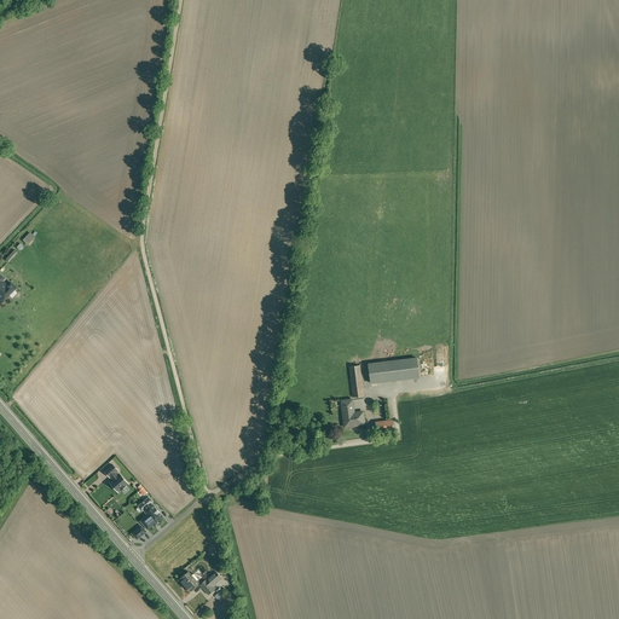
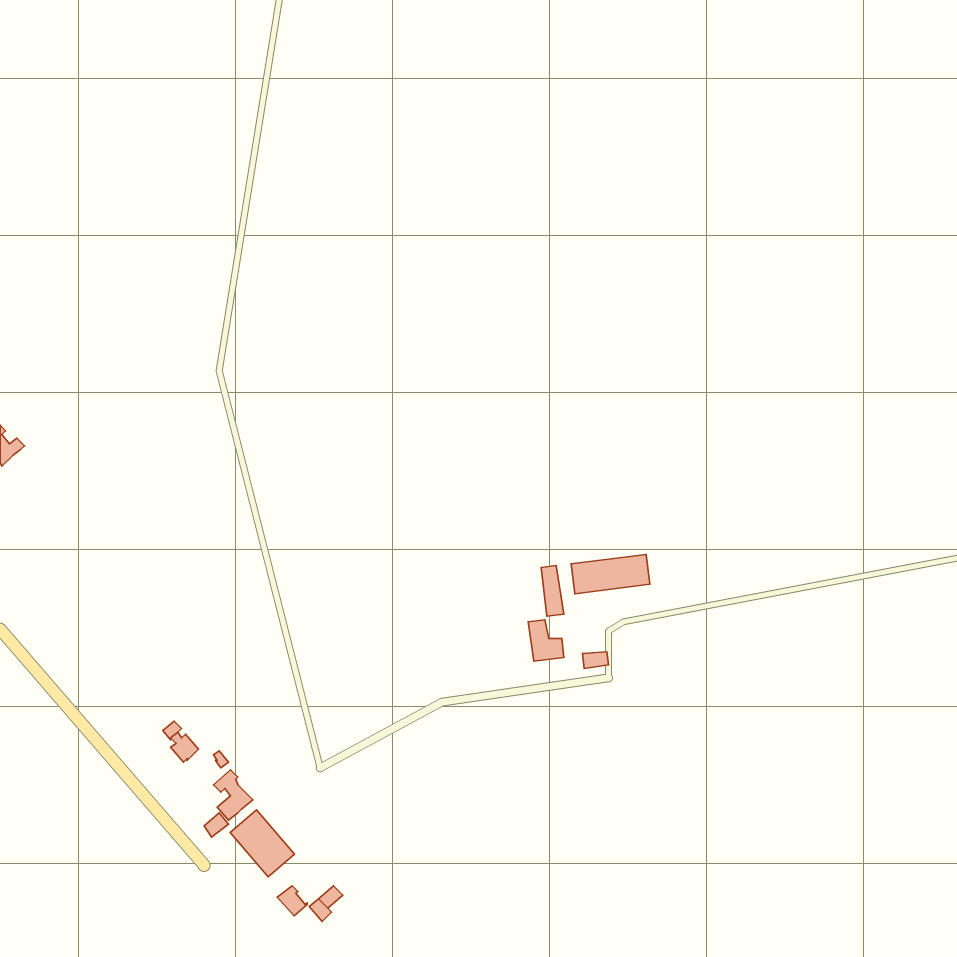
building: none -> [230,810,295,877]

